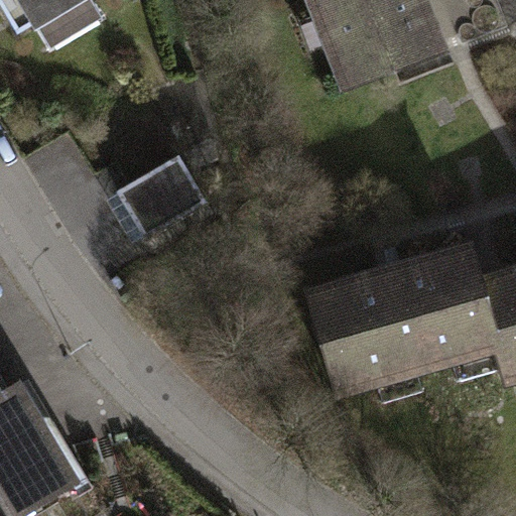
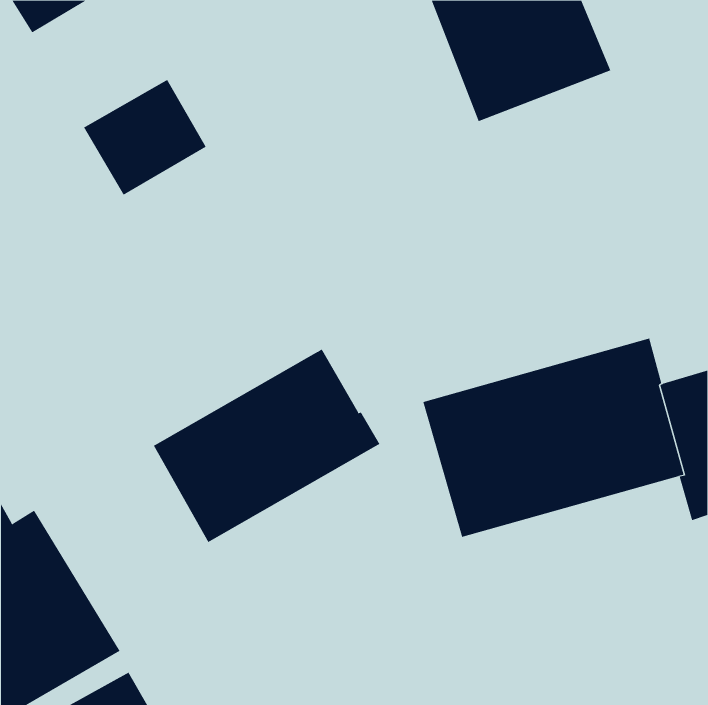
building: [118,164,208,249] -> [83,79,206,195]
building: none -> [153,349,380,543]

